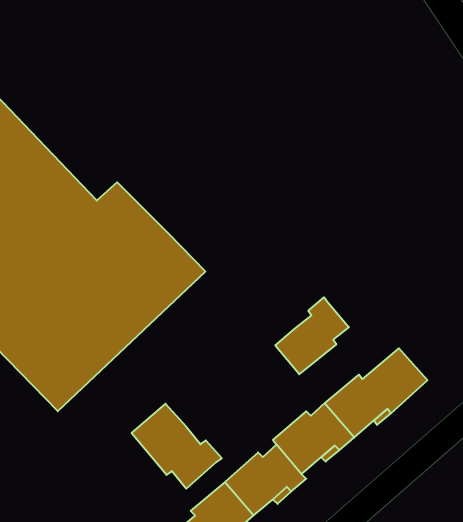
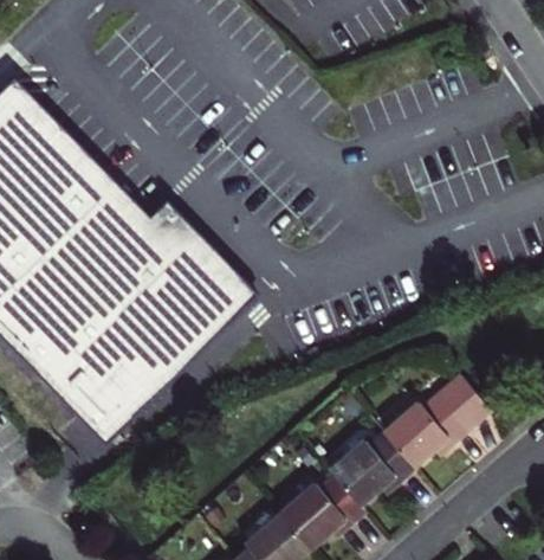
building: [275,297,349,374] -> none
building: [132,404,222,489] -> none

